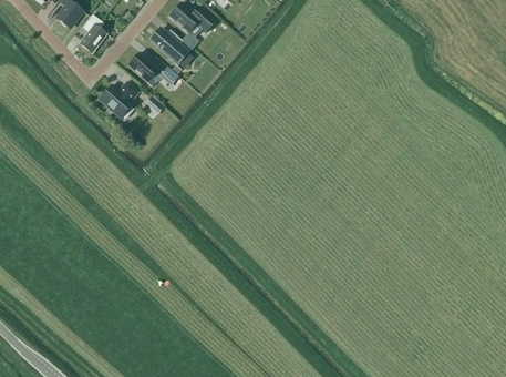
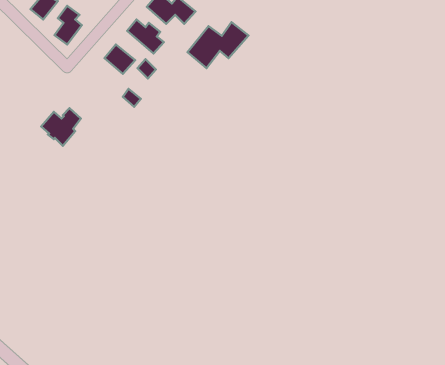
building: none -> [187,22,248,68]
building: [100,81,138,118] -> [41,108,81,146]

